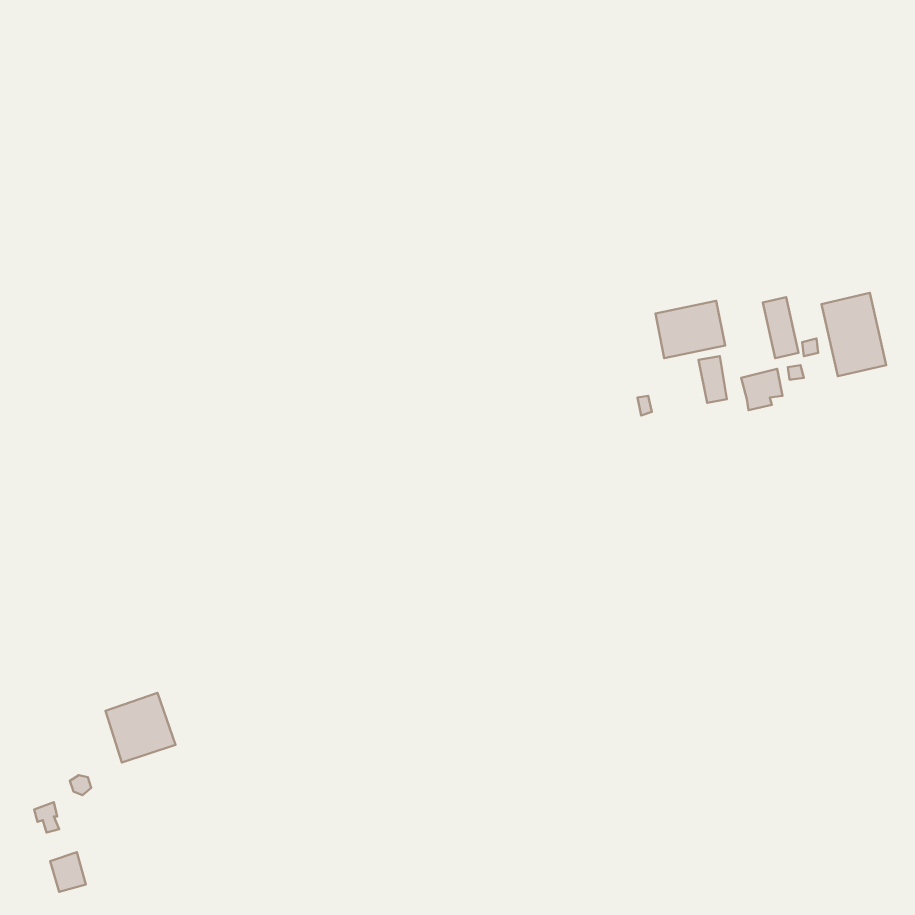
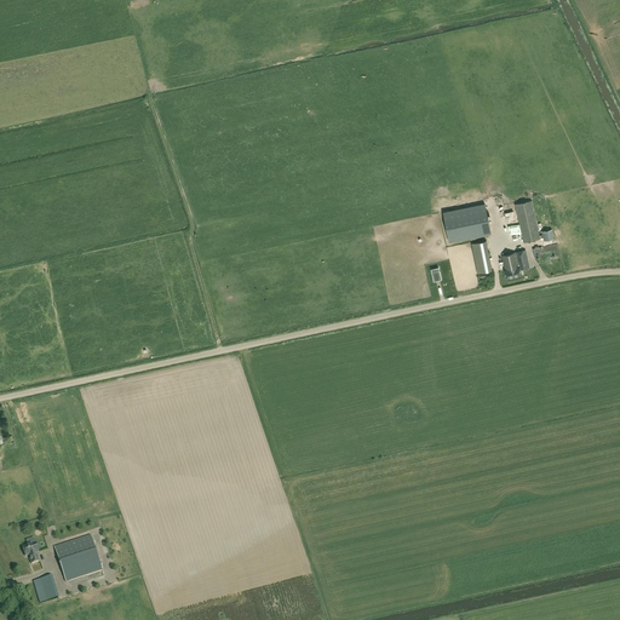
building: [821,293,886,376] -> none
building: [106,693,175,763] -> [54,535,102,582]

